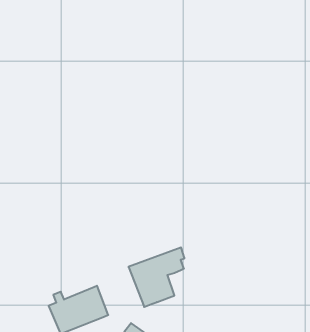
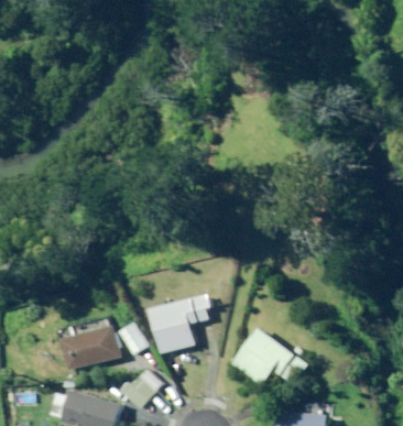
building: none -> [232,326,308,384]
building: none -> [119,323,148,354]

